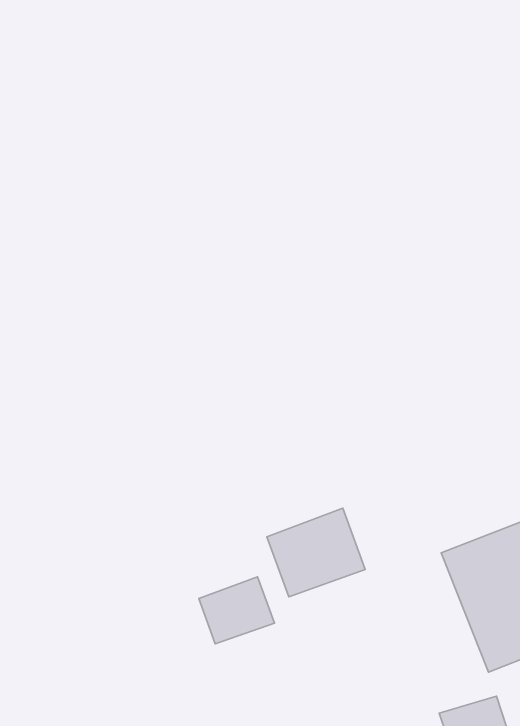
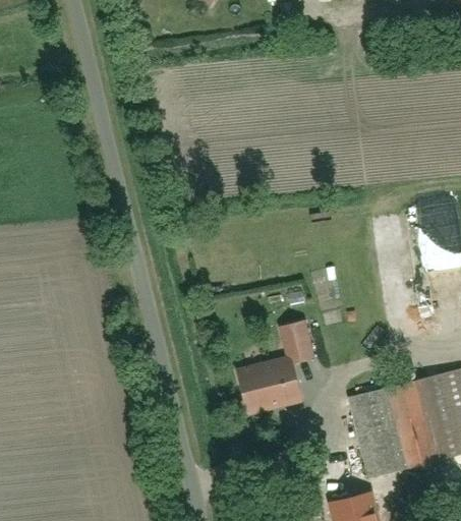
building: none -> [283,317,314,364]
building: [199,577,274,644] -> none

